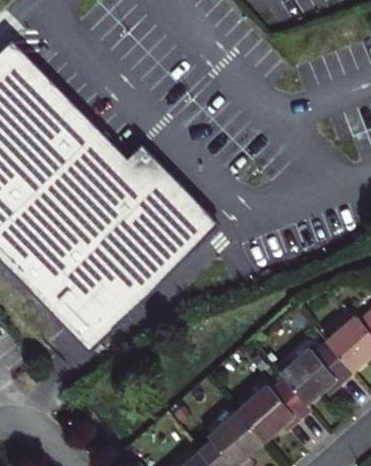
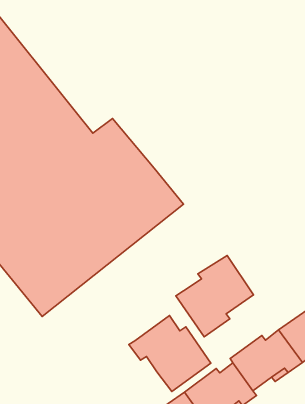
building: none -> [176,256,254,337]
building: none -> [129,315,211,392]

